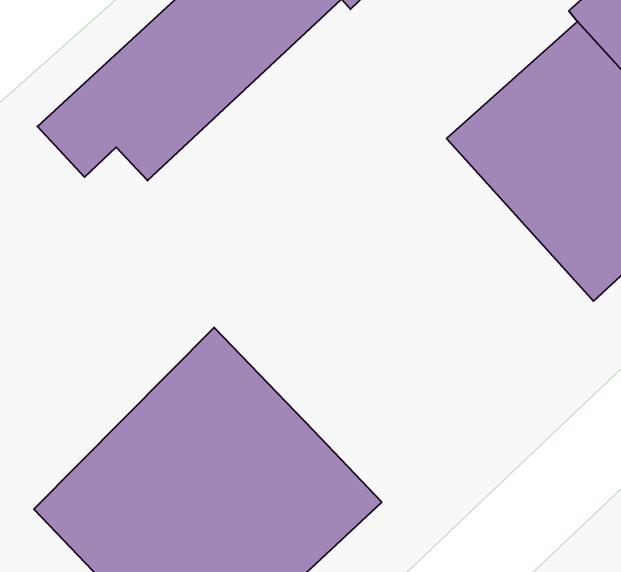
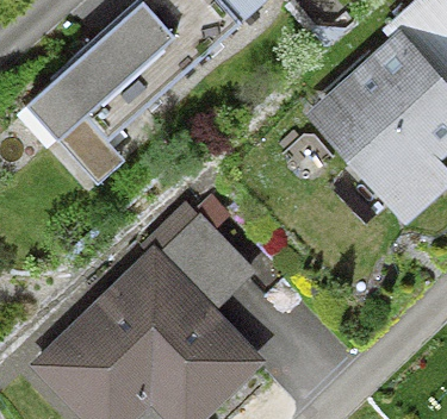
building: none -> [150,205,254,309]

